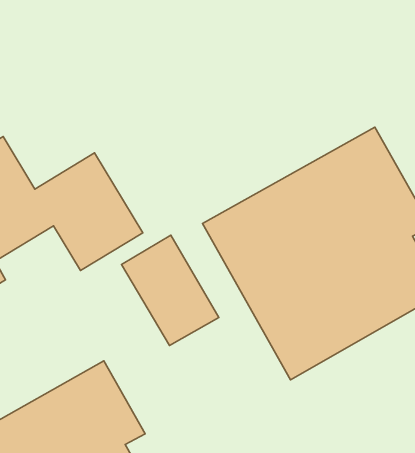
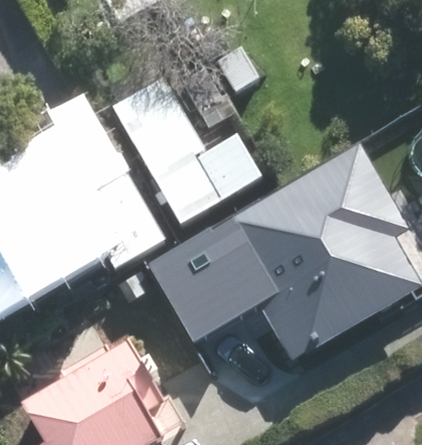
building: none -> [112,75,261,221]

